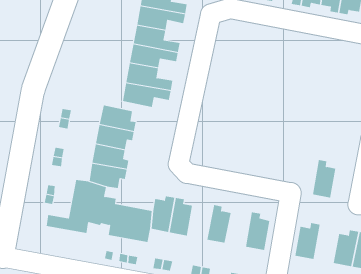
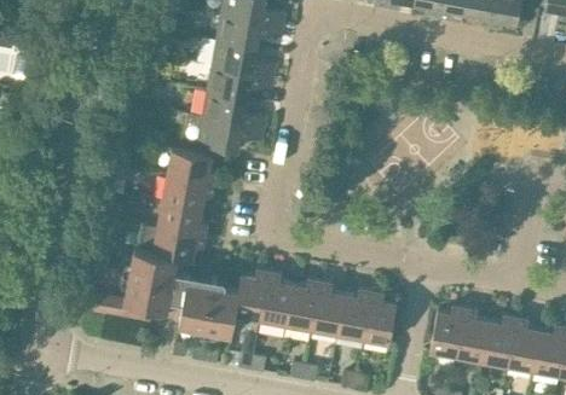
building: [312,159,336,198] -> [456,308,489,360]
building: none -> [285,279,320,329]
building: none -> [336,289,371,338]

